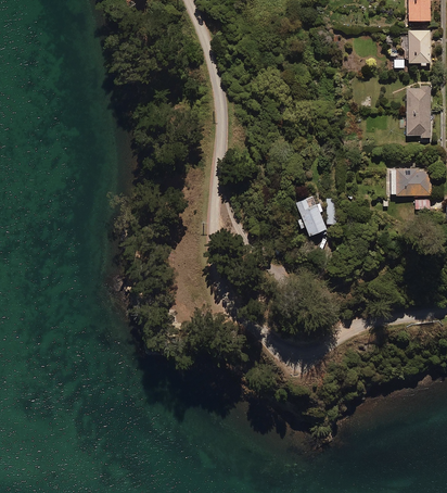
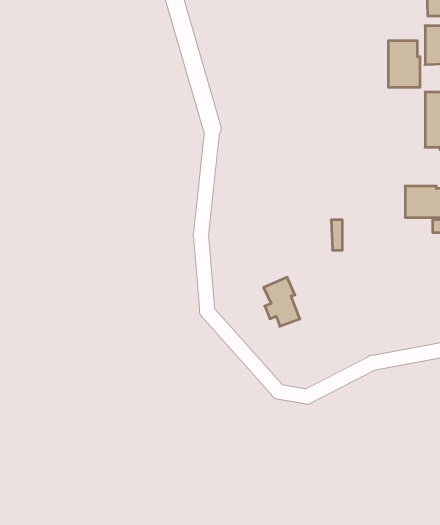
building: none -> [388,41,420,87]
building: [295,194,327,237] -> [264,277,300,326]

